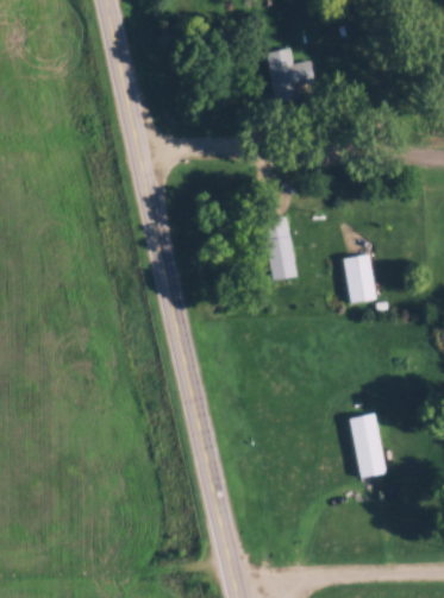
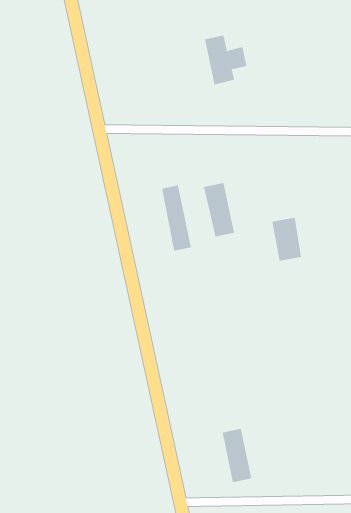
building: none -> [161,185,191,252]
building: [354,411,388,473] -> [222,428,252,483]

